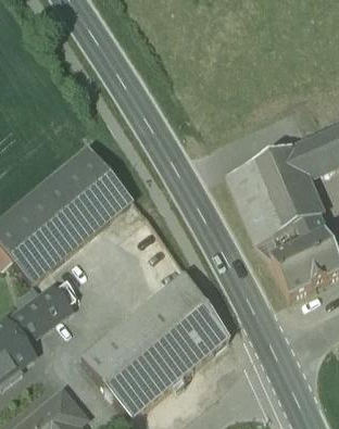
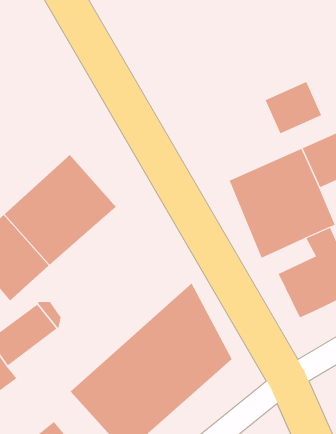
building: none -> [265,81,322,134]

